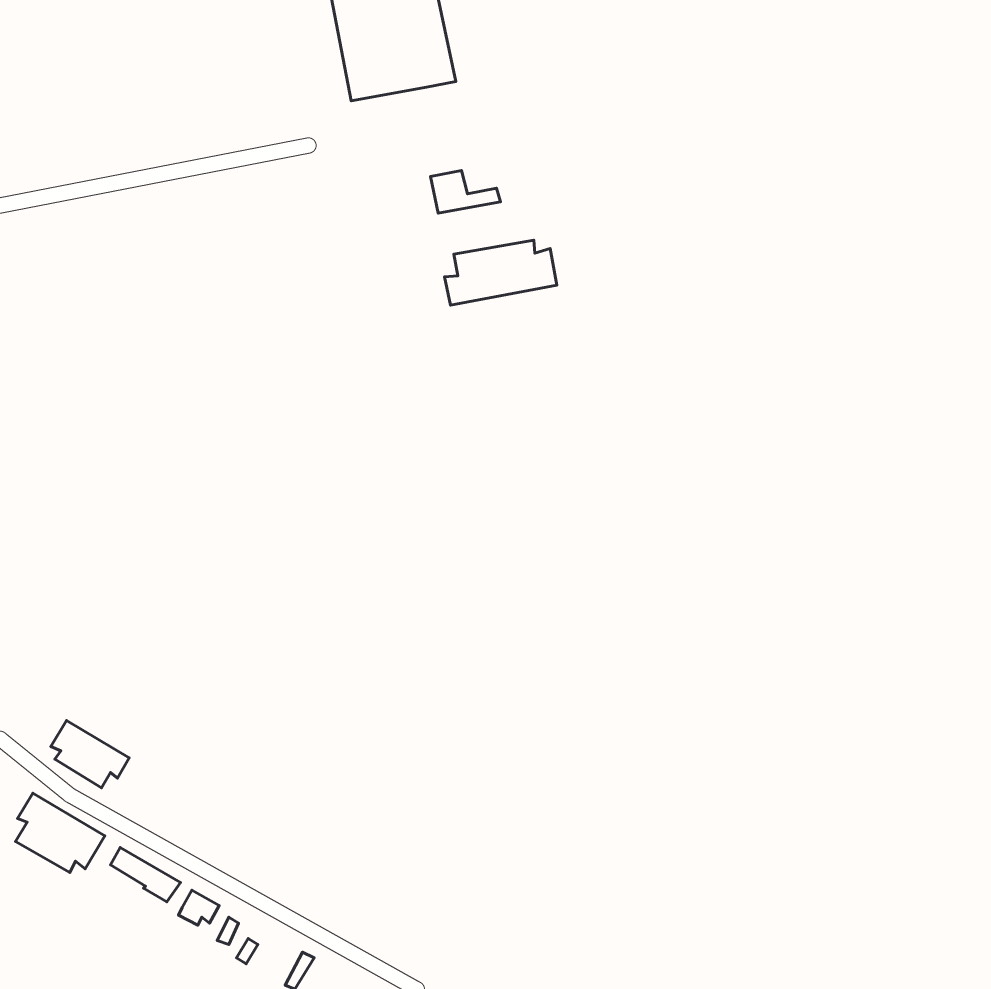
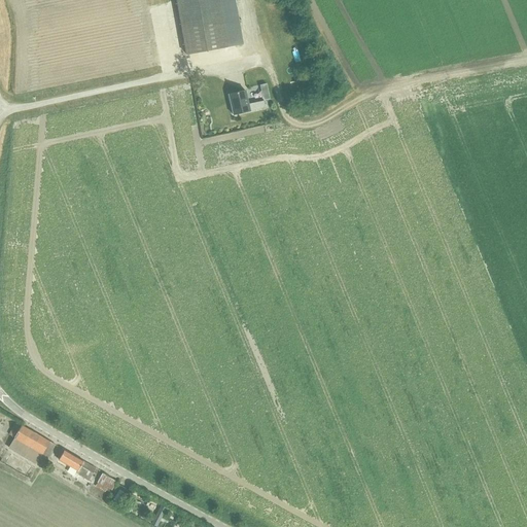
building: [444,240,557,305] -> none
building: [51,721,129,788] -> none

